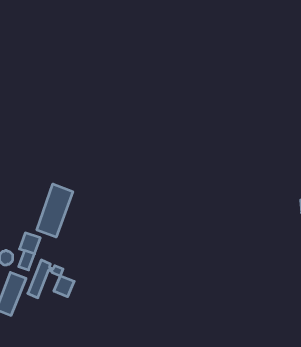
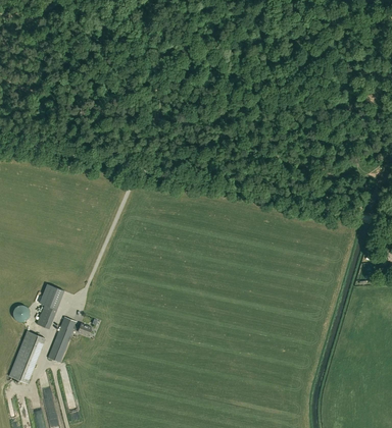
building: [37,184,73,237] -> none
building: [54,276,74,297] -> none

